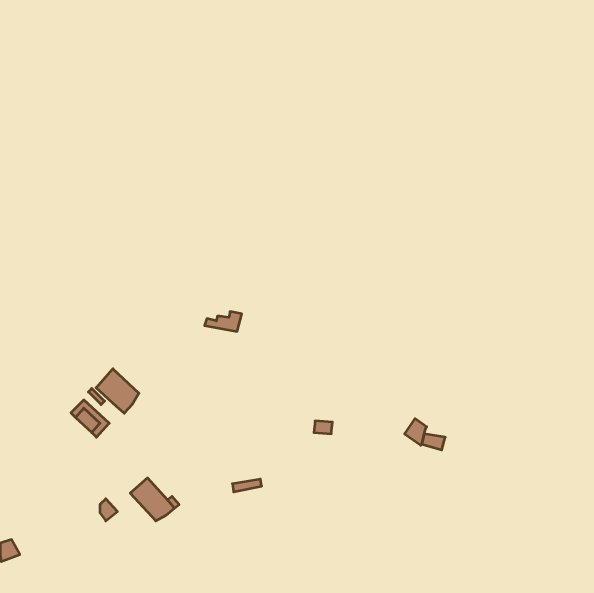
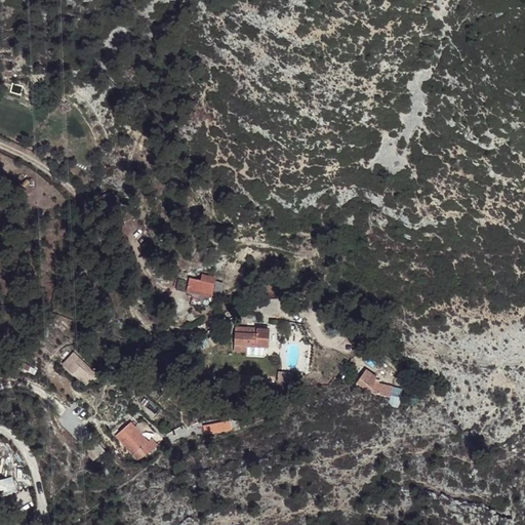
building: [96,369,139,413] -> none
building: none -> [234,326,269,355]

